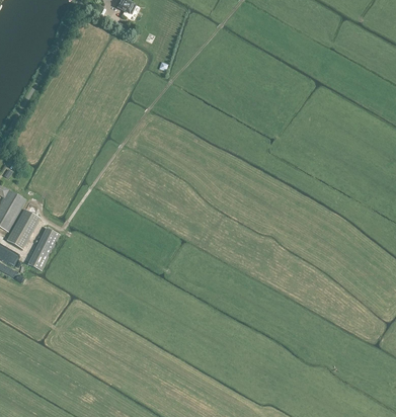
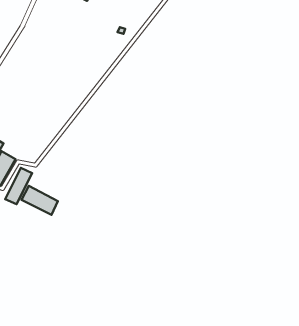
building: none -> [22,186,58,215]

